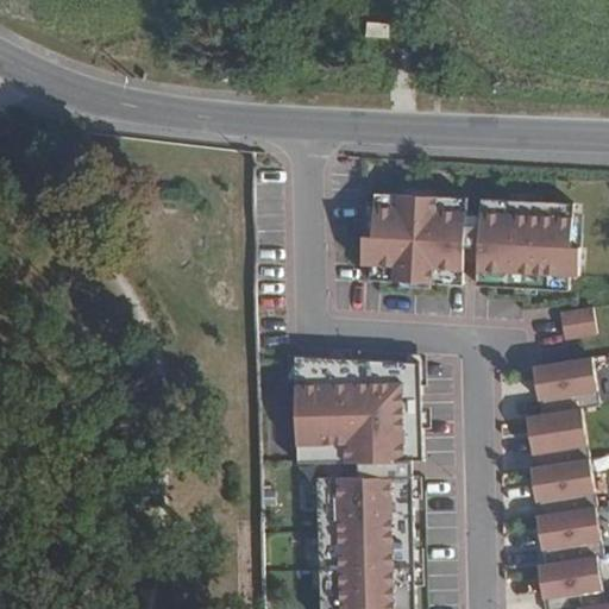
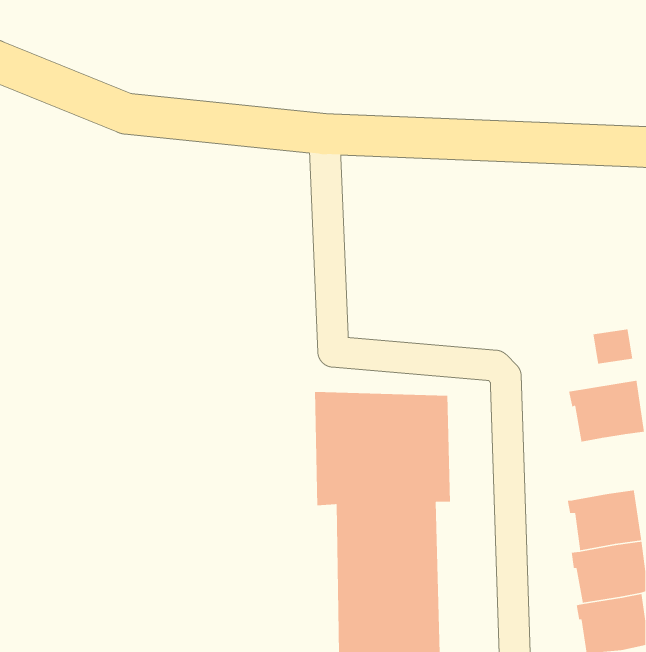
building: [359,195,576,291] -> none
building: [526,406,591,466] -> none

